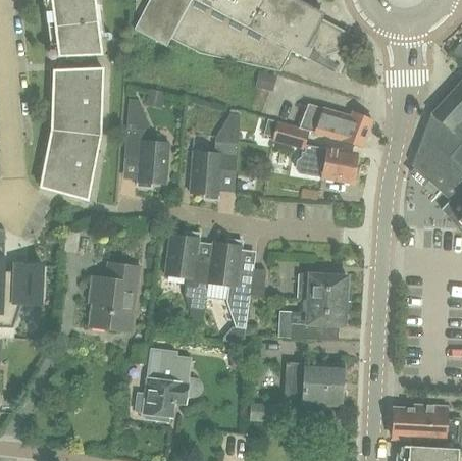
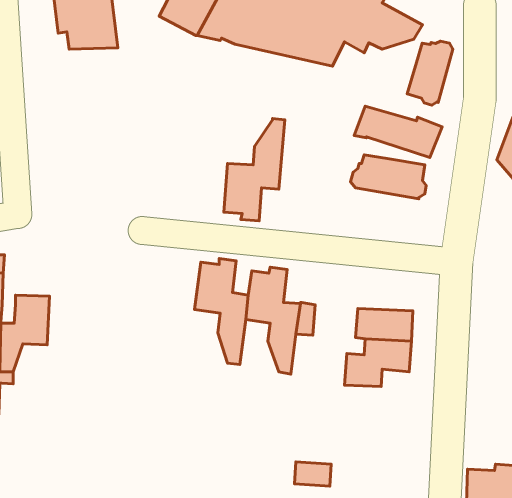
building: none -> [407,41,453,105]
building: [41,68,103,200] -> none
building: [124,100,170,188] -> none
building: [272,121,309,148] -> none
building: [92,263,141,330] -> none
building: [136,355,203,421] -> none
building: [286,362,347,405] -> none

